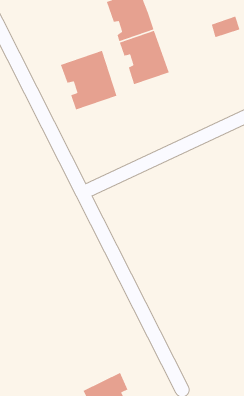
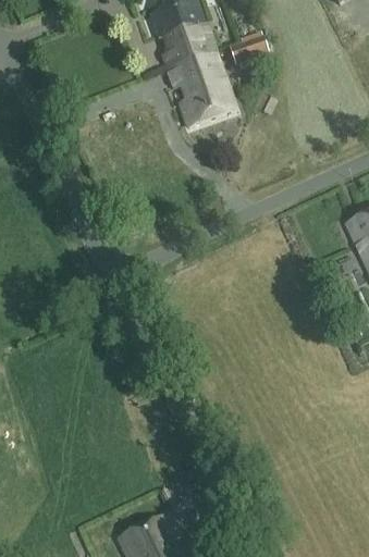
building: [211,15,241,38] -> [231,34,271,64]
building: [60,50,117,110] -> none

